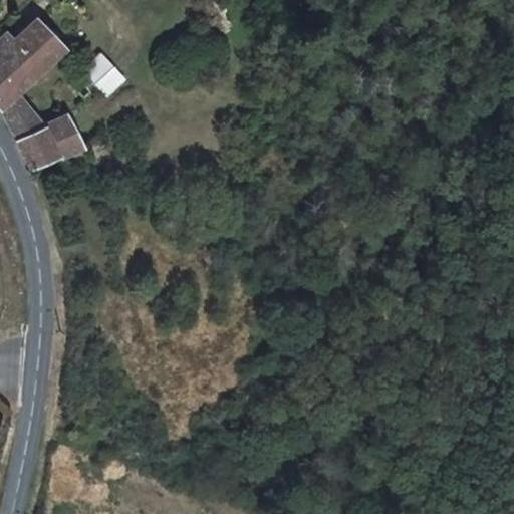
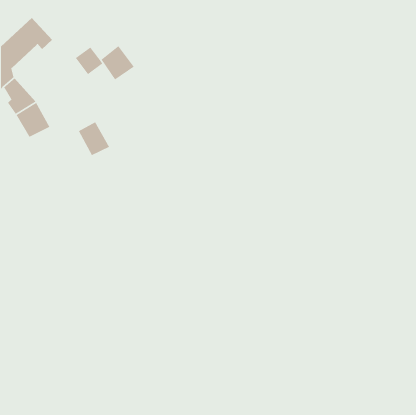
building: none -> [101,45,135,80]
building: [45,113,85,157] -> [78,121,110,156]

